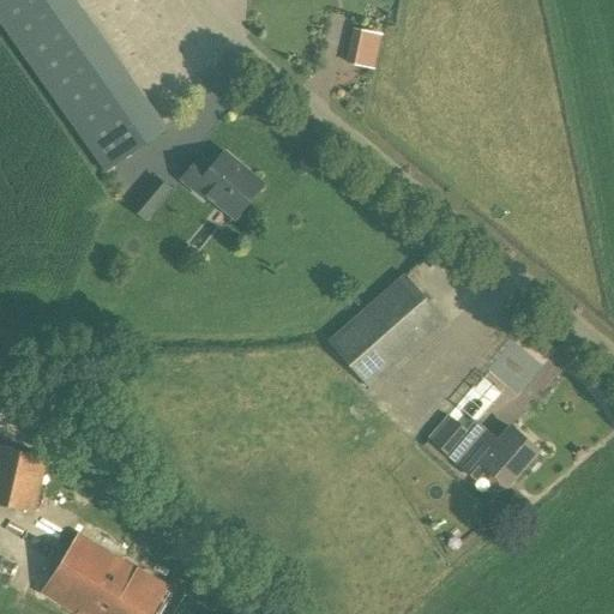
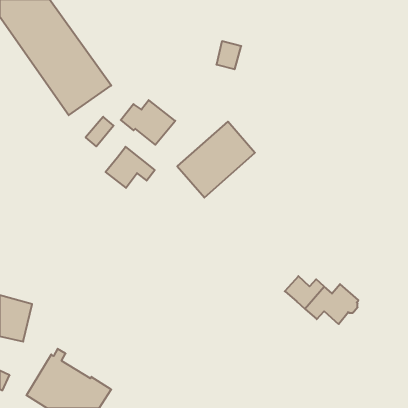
building: [348,22,385,64] -> [216,41,241,69]
building: none -> [106,147,155,188]
building: [327,273,444,387] -> [177,122,255,198]

